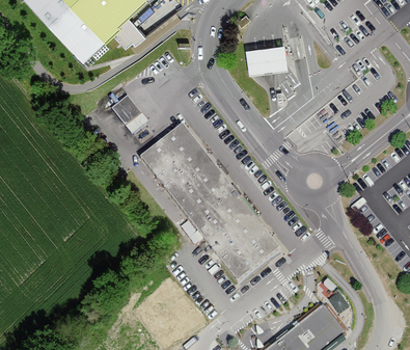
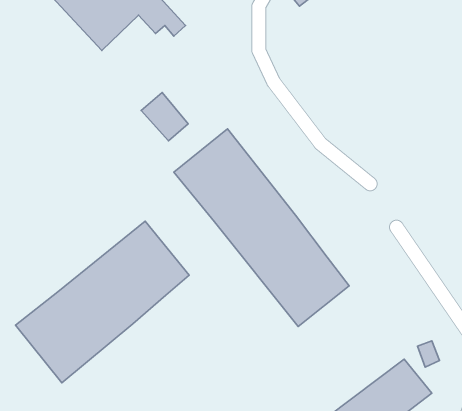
building: [244,44,286,74] -> none
building: none -> [16,221,189,383]

